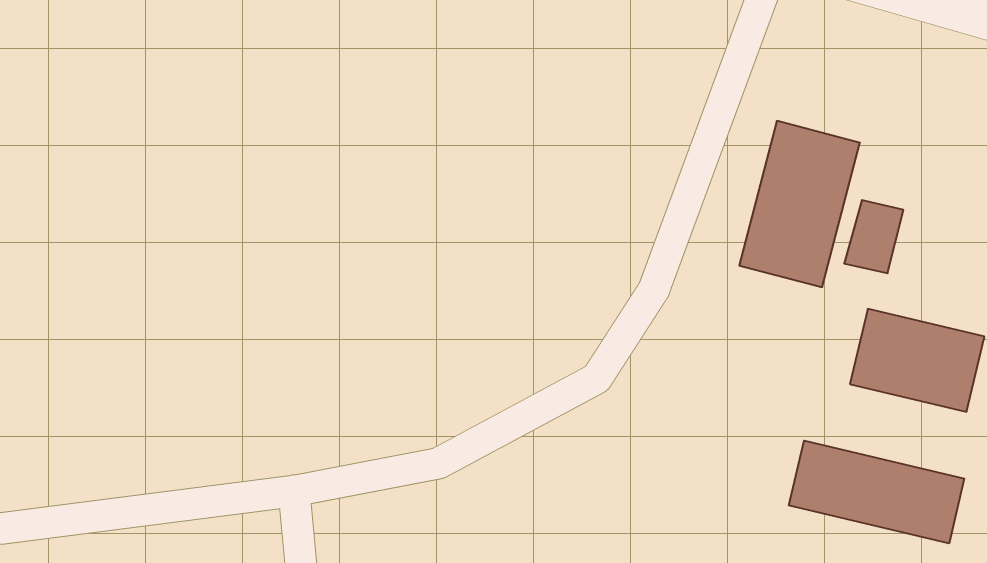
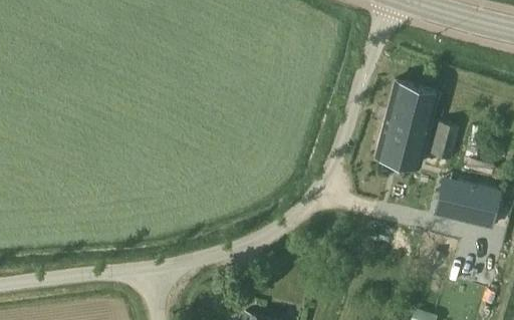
building: [789,441,964,543] -> none

